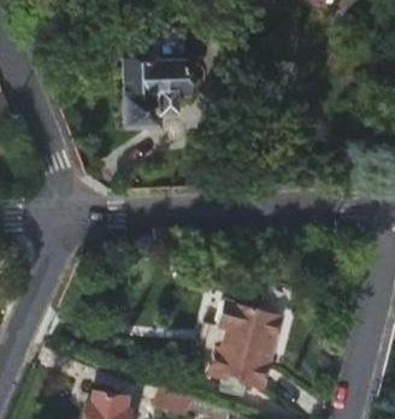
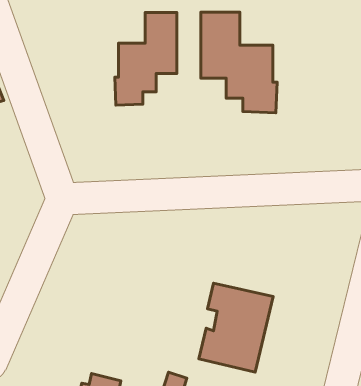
building: none -> [201,12,277,113]

